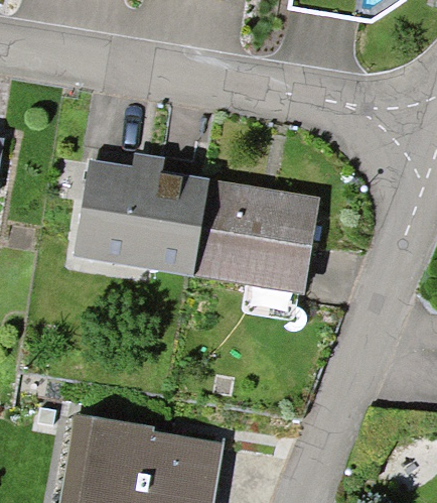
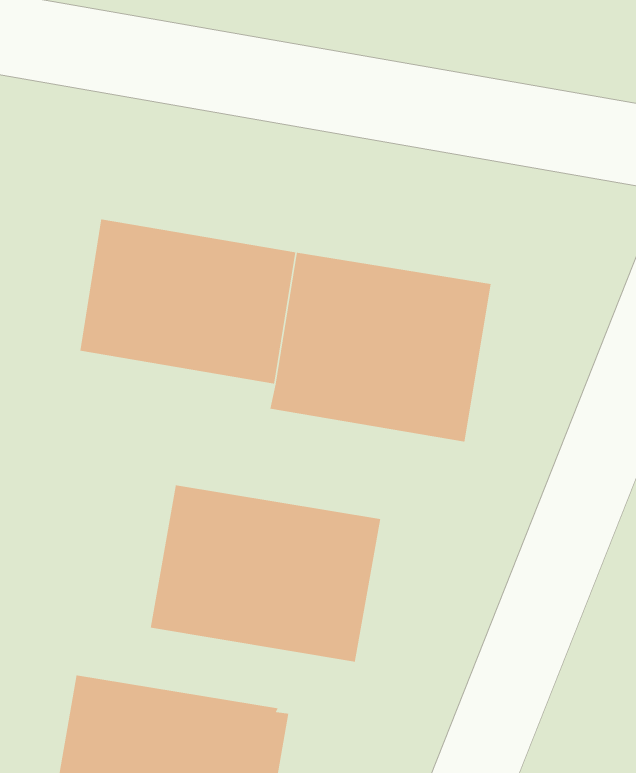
building: none -> [150,484,381,662]

